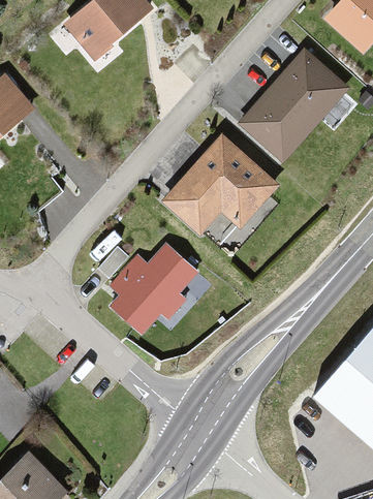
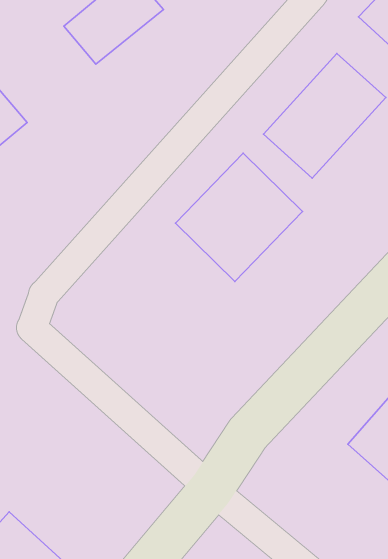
building: [111,245,204,337] -> none

